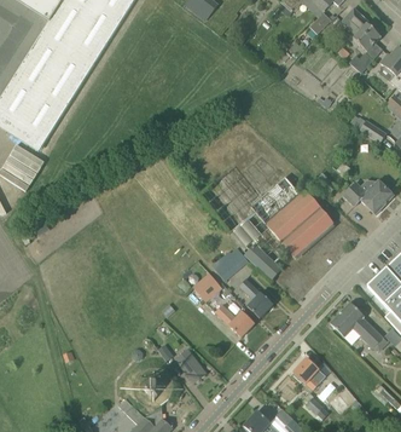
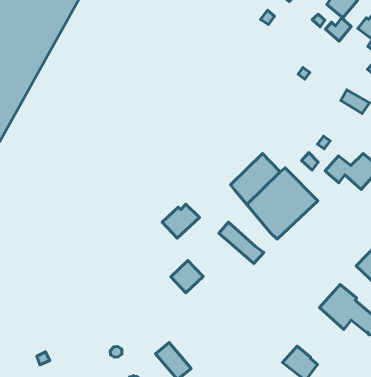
building: [211,248,246,280] -> [162,204,199,238]
building: [238,277,273,317] -> none
building: [215,304,254,336] -> none

